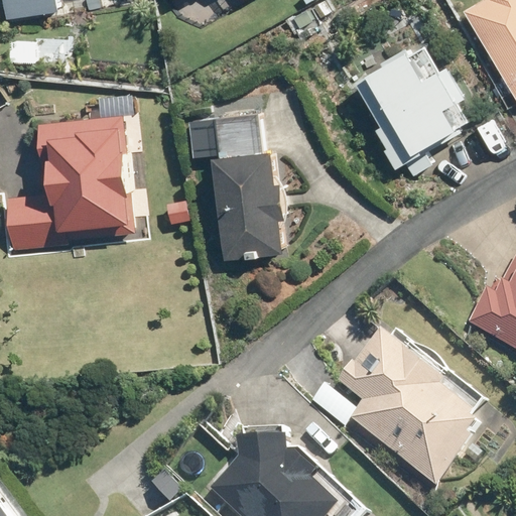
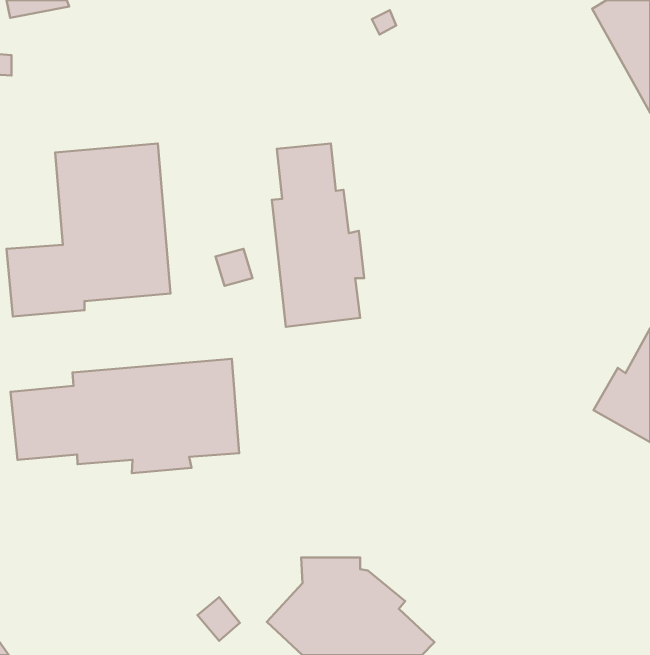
building: [358,43,464,176] -> none
building: none -> [11,359,239,473]
building: [338,331,476,487] -> none

